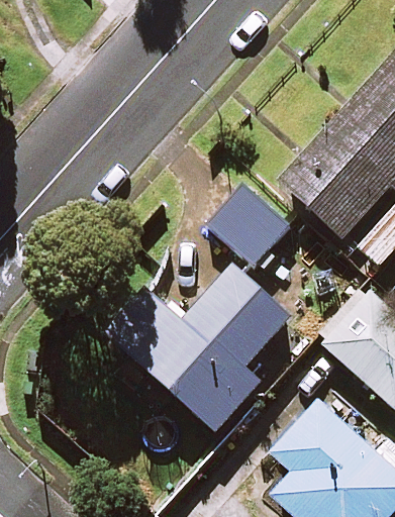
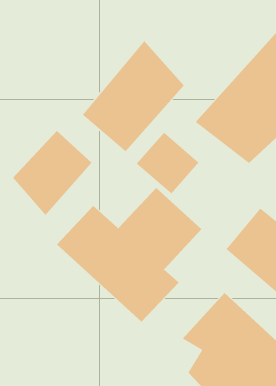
building: none -> [82,40,184,152]
building: none -> [12,130,92,216]

